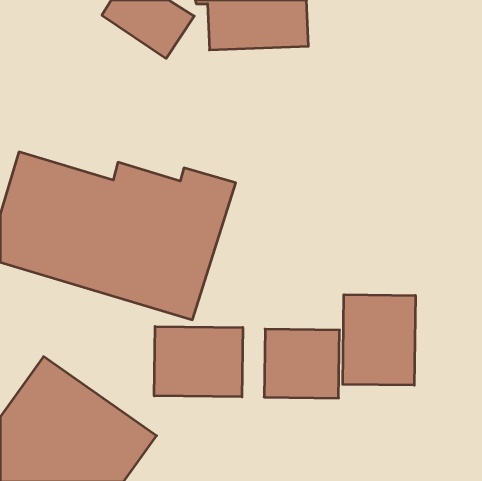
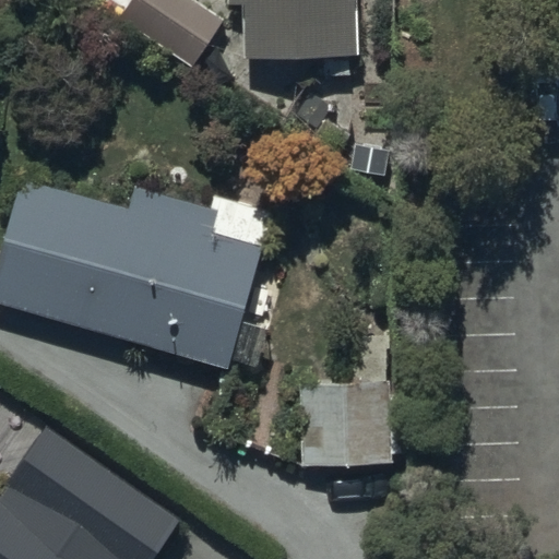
building: [343,295,415,385] -> none
building: [154,326,243,397] -> none

